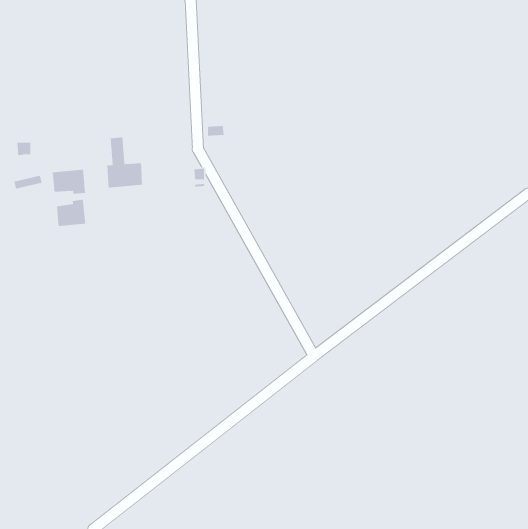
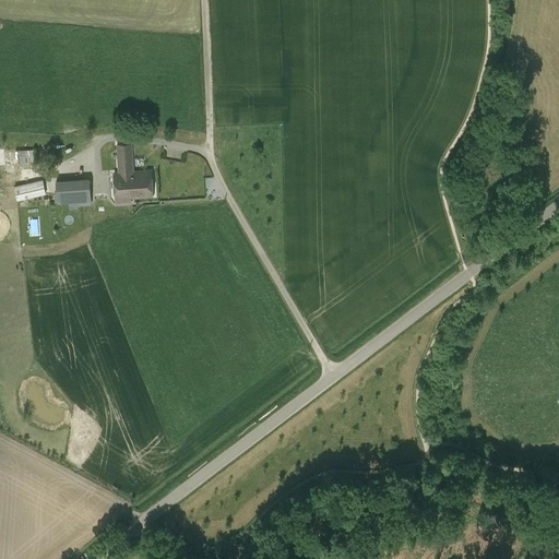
building: [56,199,86,227] -> none

